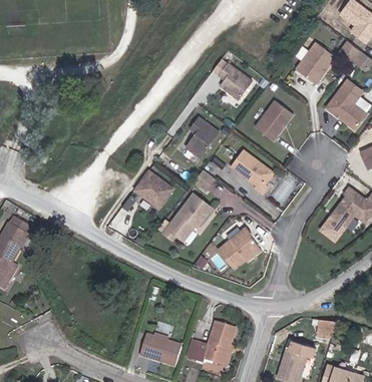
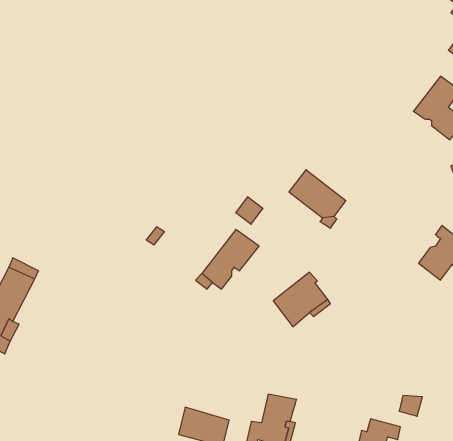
building: [294,38,334,80] -> none
building: [215,58,249,96] -> none
building: [254,101,292,142] -> none
building: [181,114,216,154] -> none
building: [130,166,169,205] -> none

